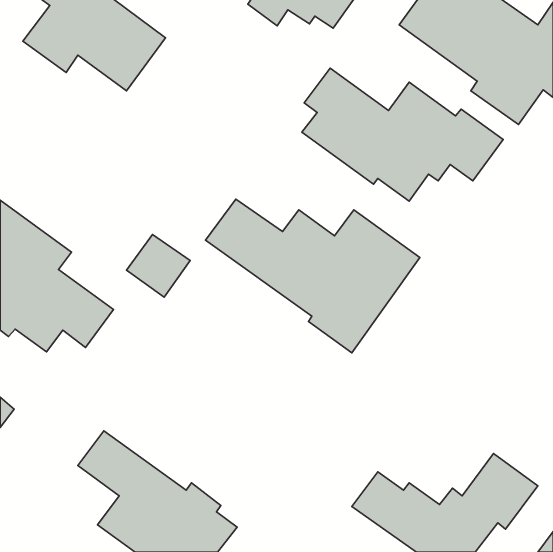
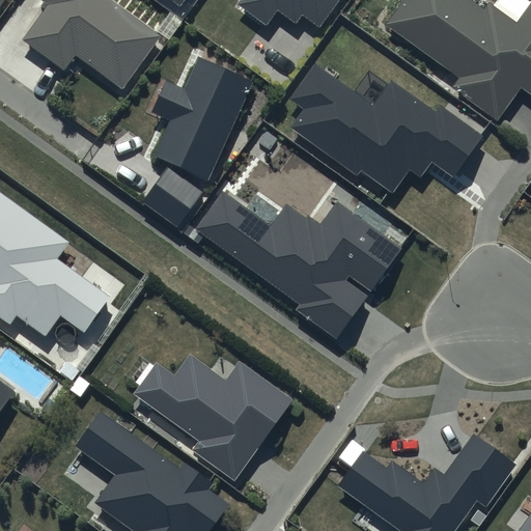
building: none -> [149,59,248,177]
building: [126,235,190,297] -> [142,166,203,226]
building: none -> [134,354,291,479]

